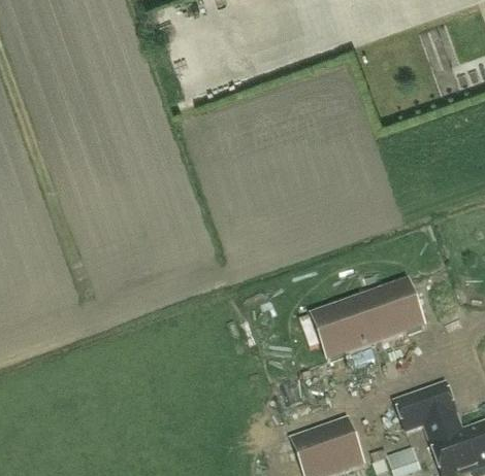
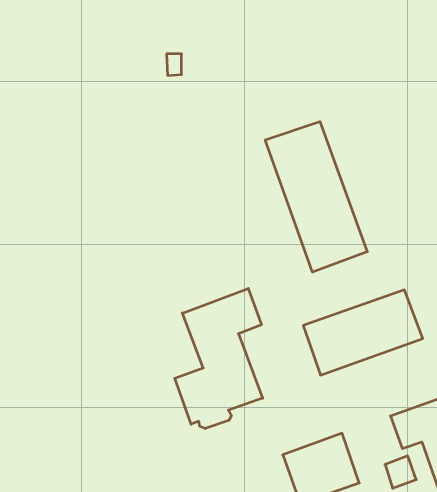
building: none -> [265,122,367,272]
building: none -> [175,288,263,429]

